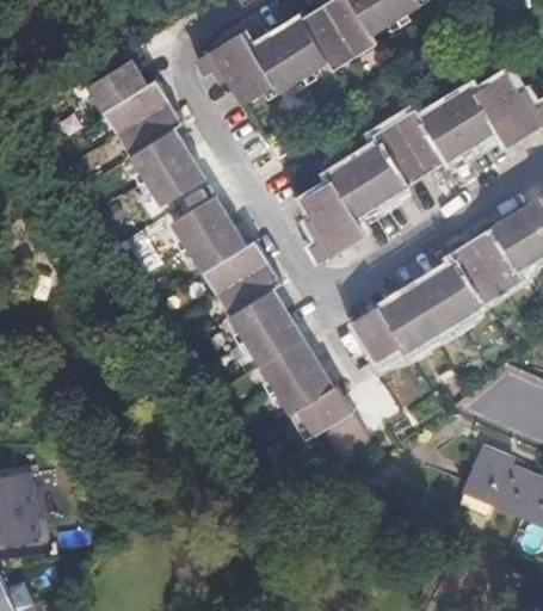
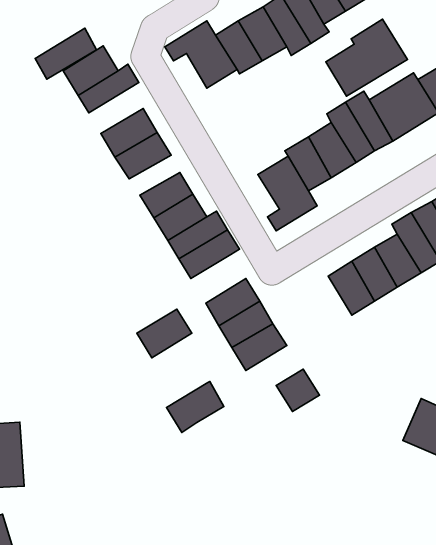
building: none -> [326,19,407,96]
building: [115,97,183,153] -> [35,28,97,79]
building: [227,286,288,340] -> [137,309,192,358]
building: [351,307,405,369] -> none
building: [288,385,351,442] -> [167,382,224,432]

